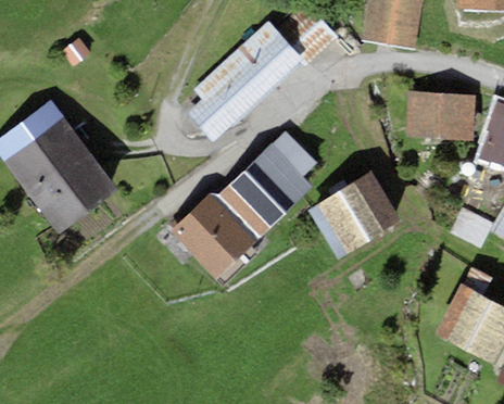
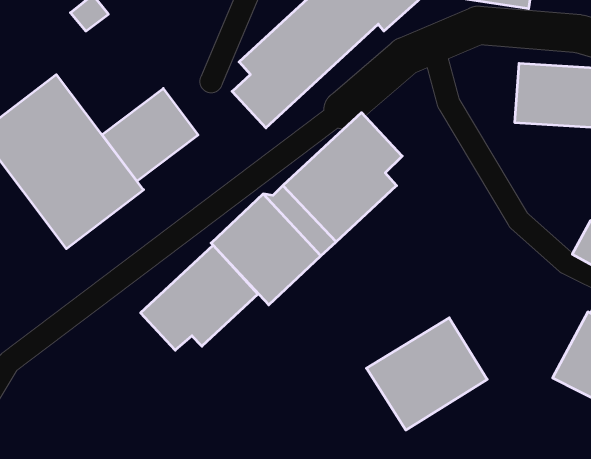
building: none -> [102,88,198,181]
building: [307,172,401,258] -> [366,318,487,430]
building: none -> [141,245,258,350]

